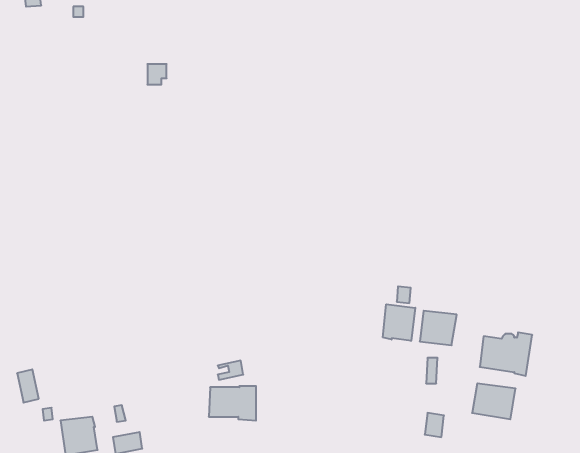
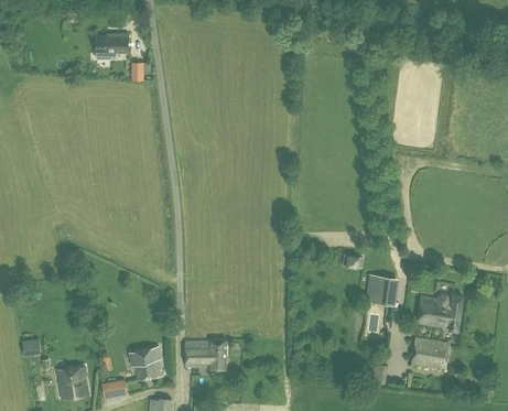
building: none -> [95,33,128,58]
building: [383,304,415,341] -> none
building: none -> [128,346,163,380]

